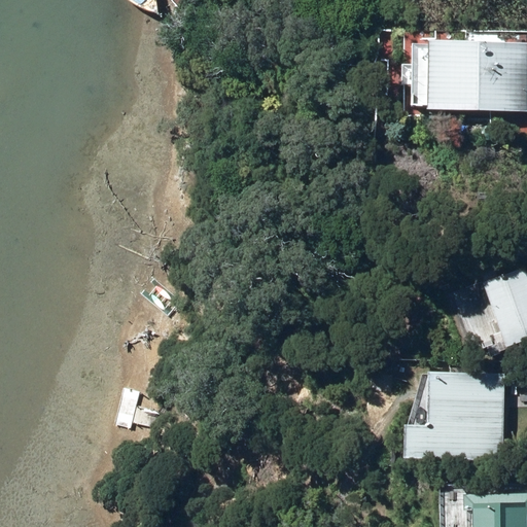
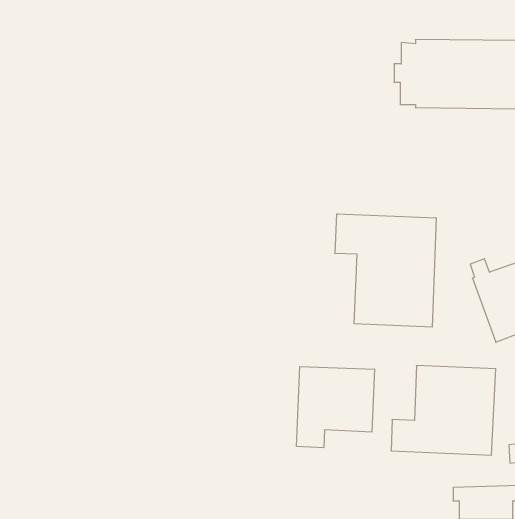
building: none -> [335,214,436,327]
building: none -> [297,367,375,448]

